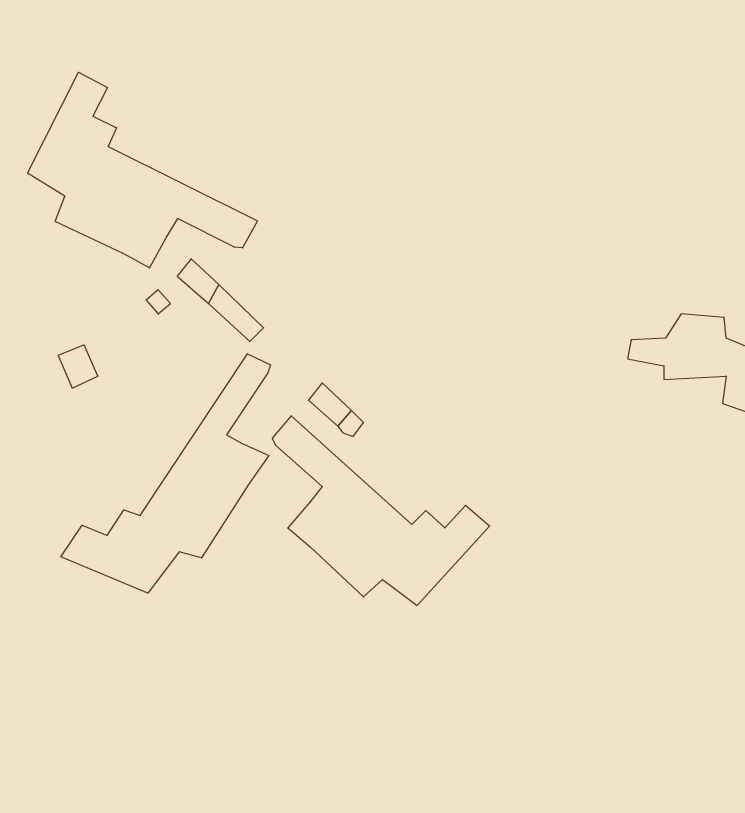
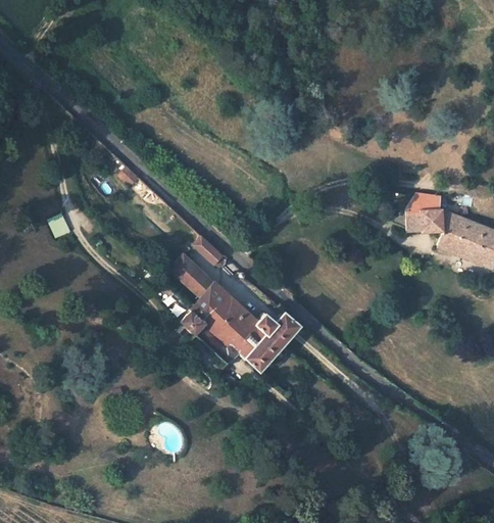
building: [27,72,258,268] -> none
building: [61,354,270,593] -> none

